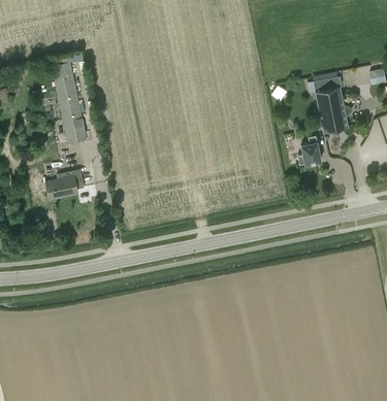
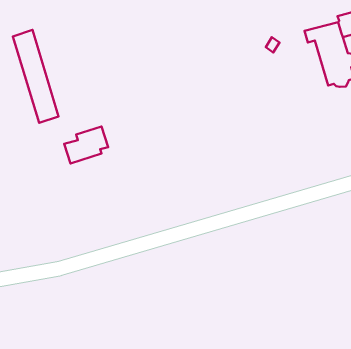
building: [297,136,320,166] -> none
building: [45,170,84,200] -> [64,126,108,163]

